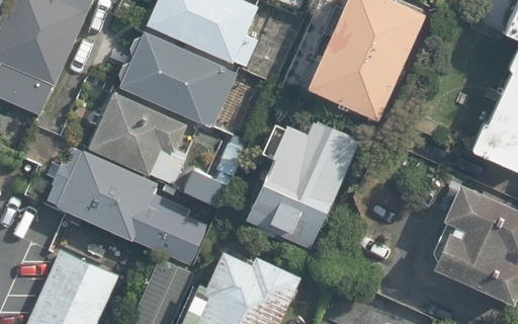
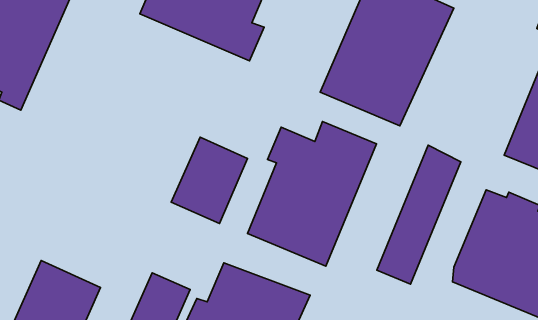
building: [119,32,229,124] -> none
building: [84,89,190,186] -> none
building: none -> [377,145,461,284]
building: [50,148,180,255] -> none

